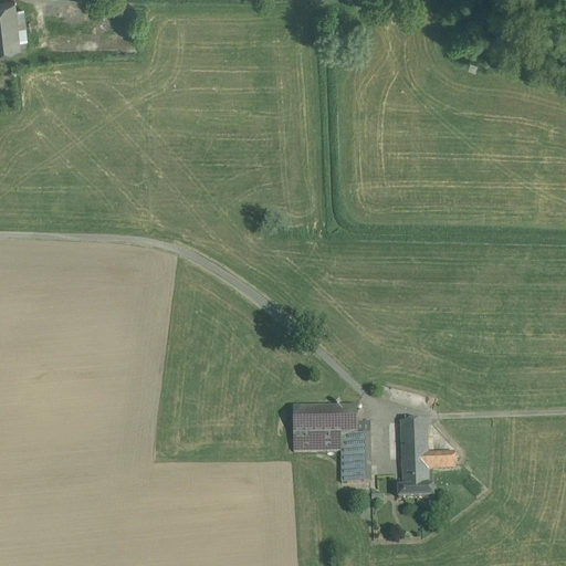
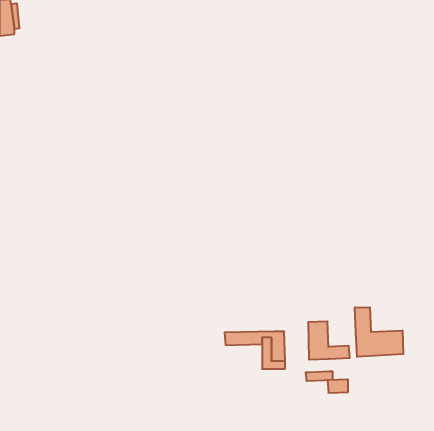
building: none -> [355,307,403,357]
building: [292,402,356,432] -> none
building: [401,467,428,484] -> [328,379,348,393]

